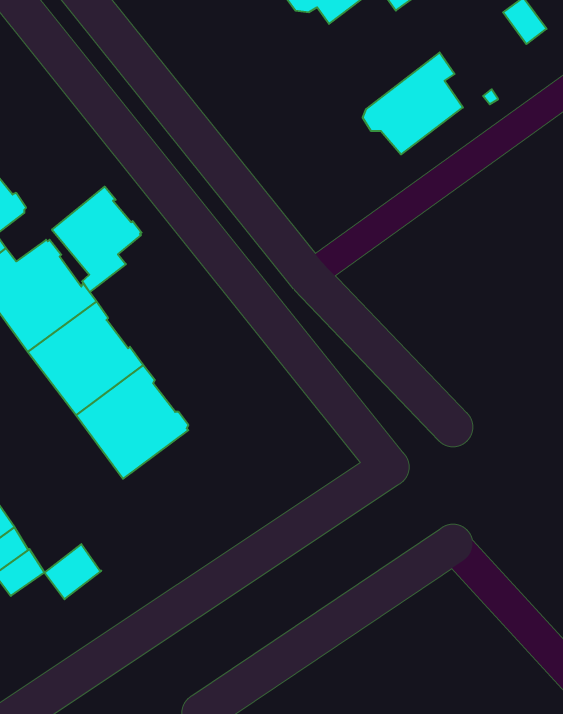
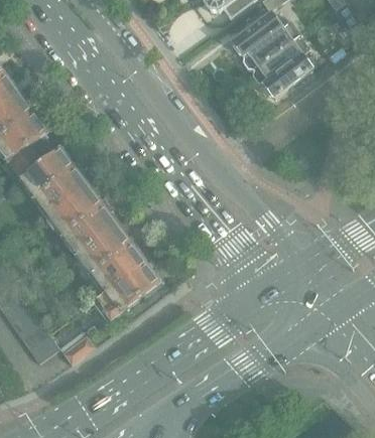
building: none -> [229,10,296,68]
building: [52,187,142,292] -> none
building: none -> [94,261,157,316]

